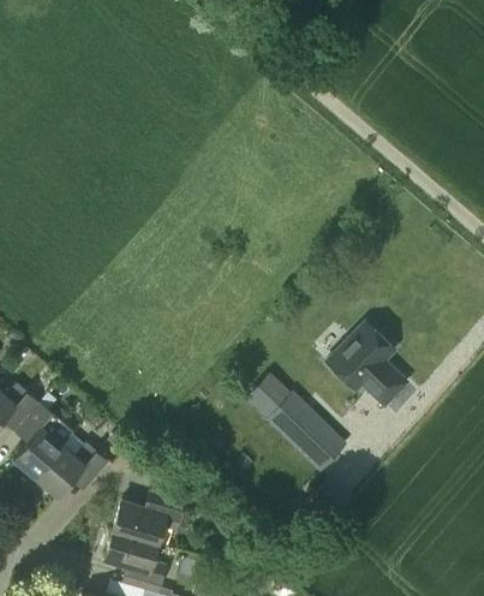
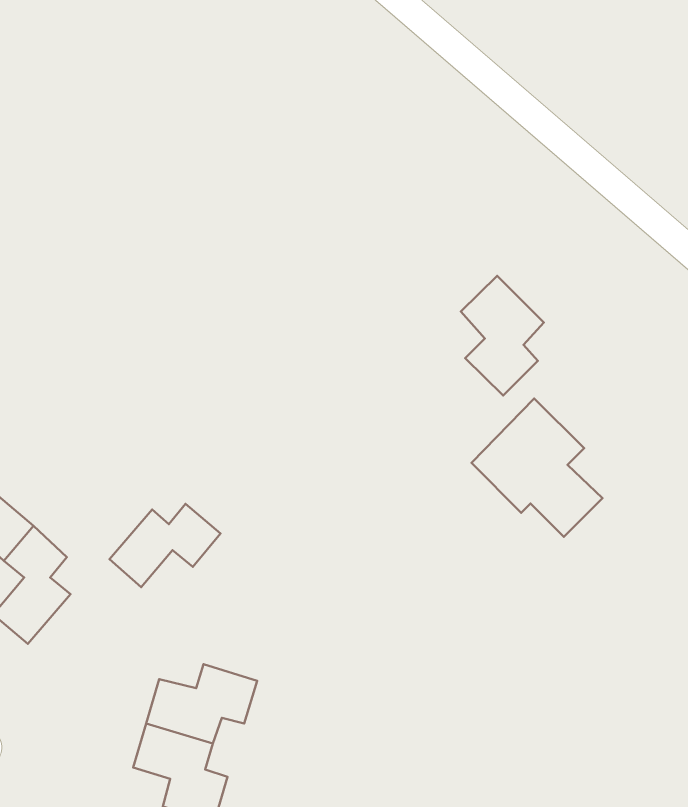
building: none -> [461,276,544,396]
building: [245,374,347,472] -> none
building: [36,443,108,497] -> [110,504,220,587]

